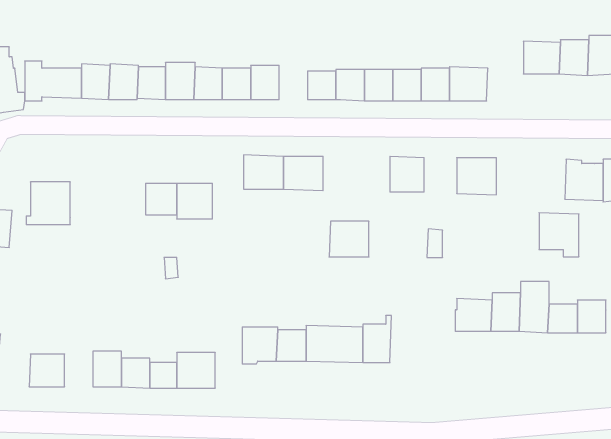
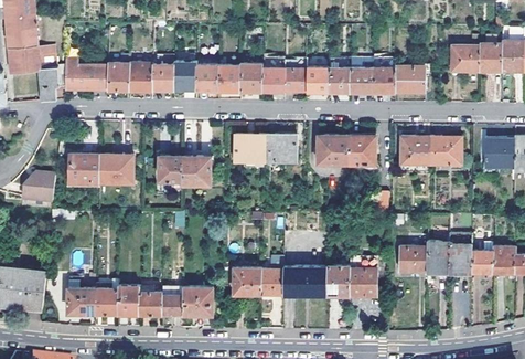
building: none -> [261,68,283,91]
building: none -> [99,155,131,182]
building: [539,213,579,257] -> [430,136,461,170]
building: [329,221,369,257] -> [317,135,347,162]
building: none -> [347,256,376,296]
building: none -> [95,288,117,314]

